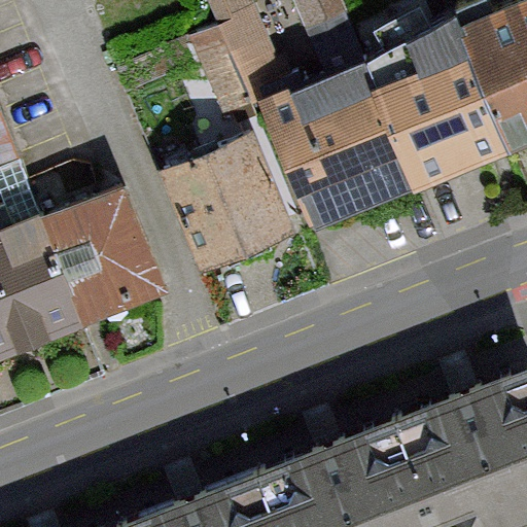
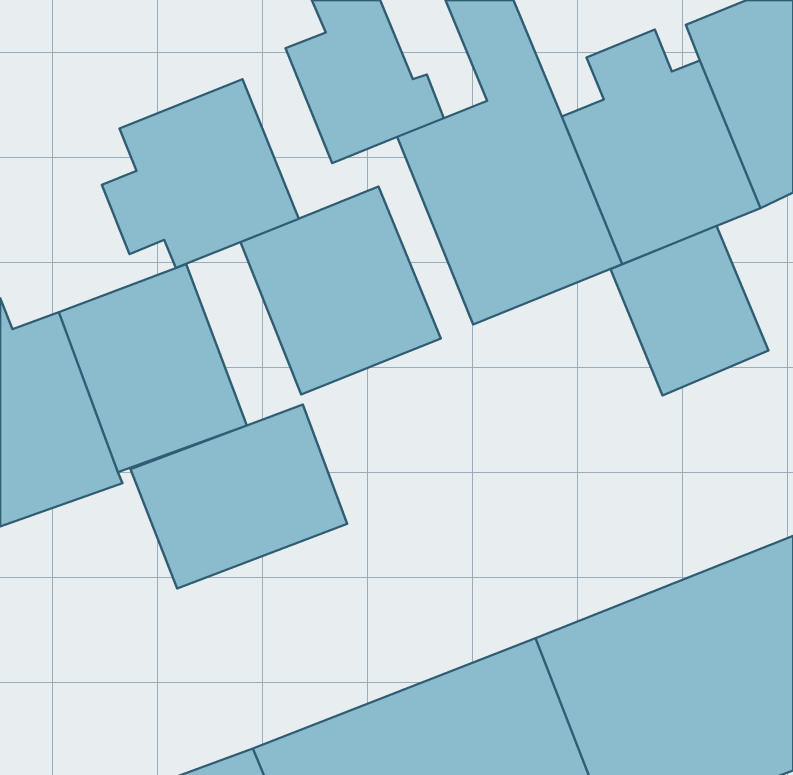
building: none -> [102,79,299,268]
building: none -> [610,226,769,396]
building: none -> [131,404,347,588]

